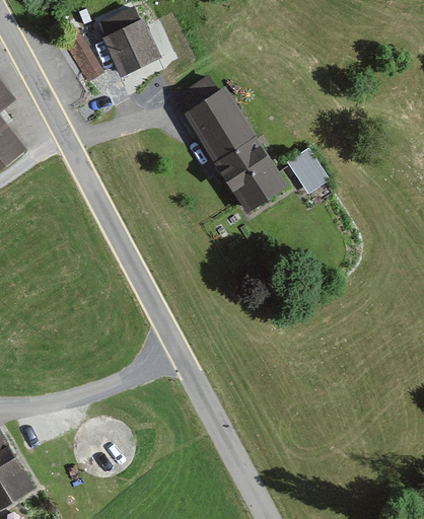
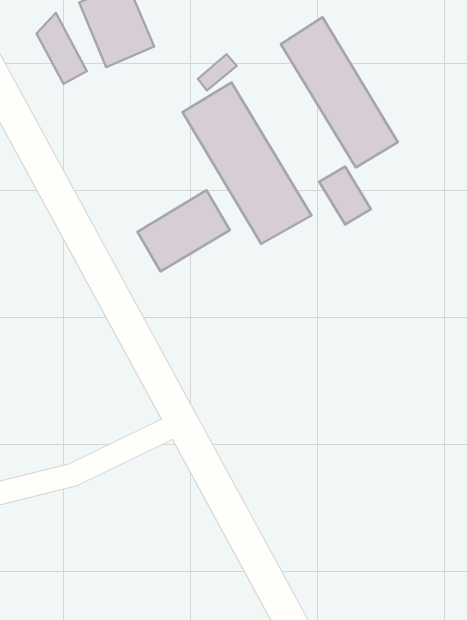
building: none -> [281,17,398,167]
building: none -> [137,190,230,272]

